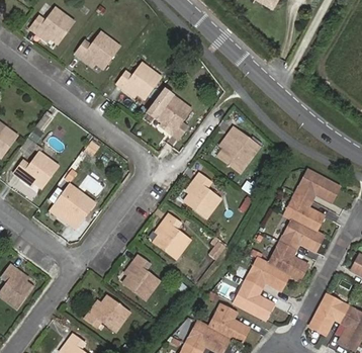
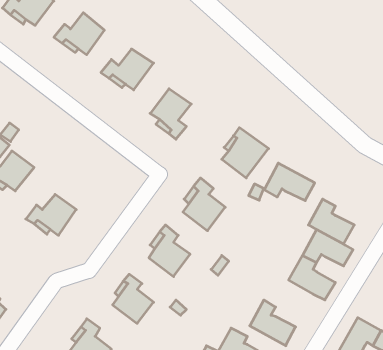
building: [301,169,345,201] -> [264,163,315,201]
building: [251,257,293,289] -> none

